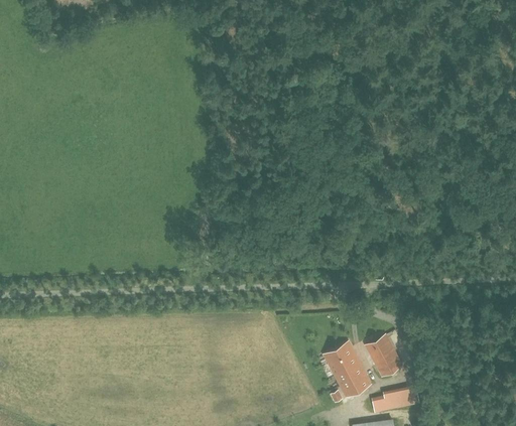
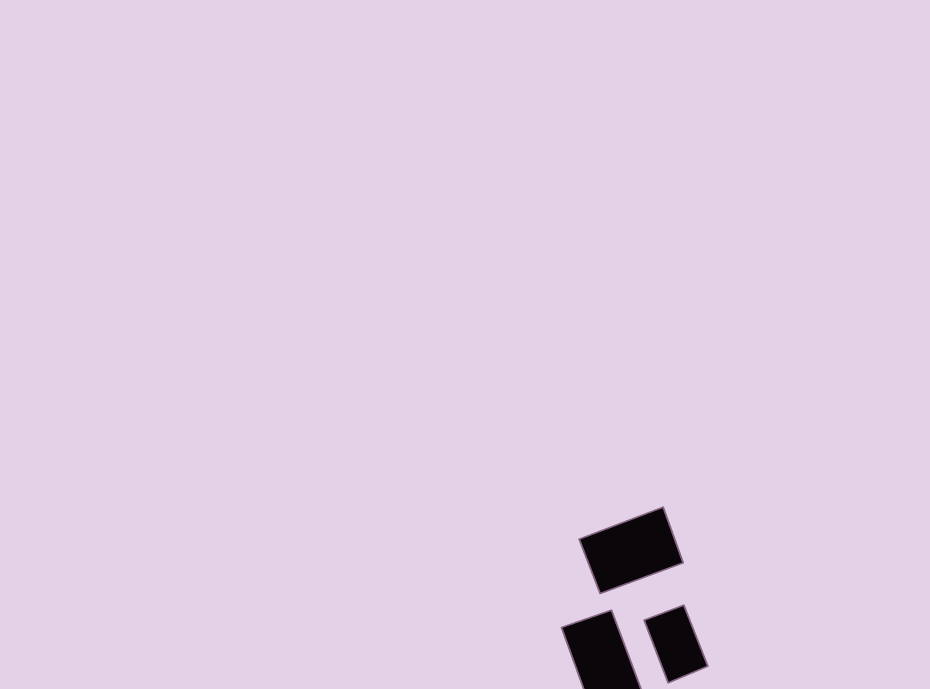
building: none -> [579,507,683,593]

